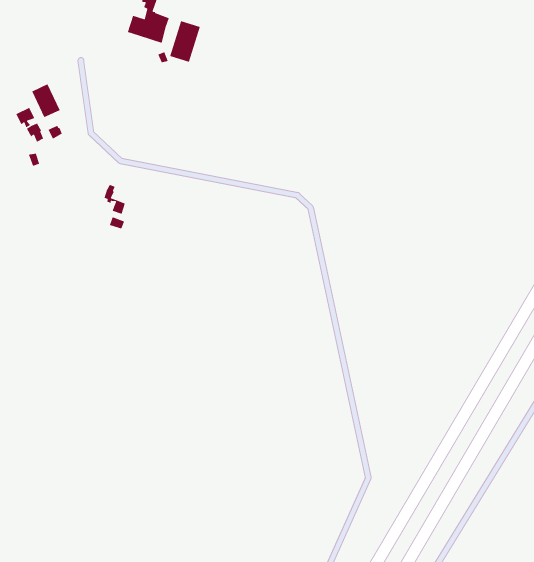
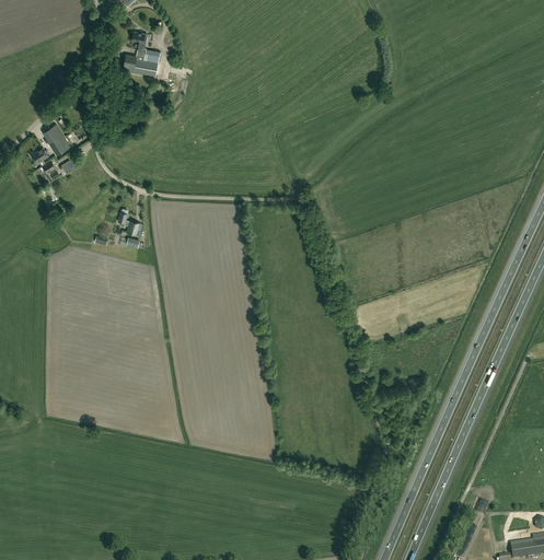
building: [169,20,201,63] -> none

